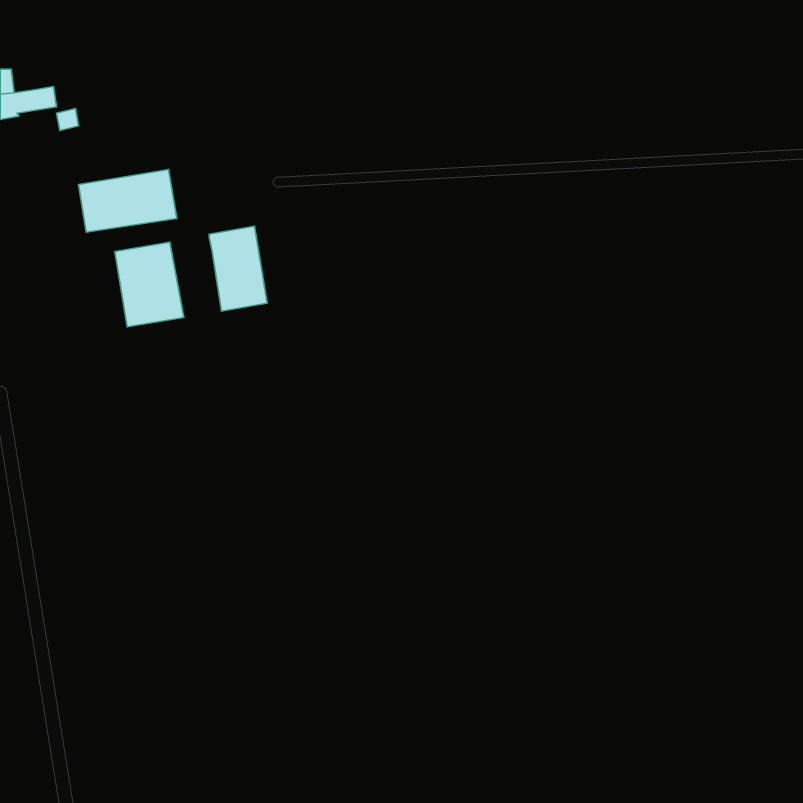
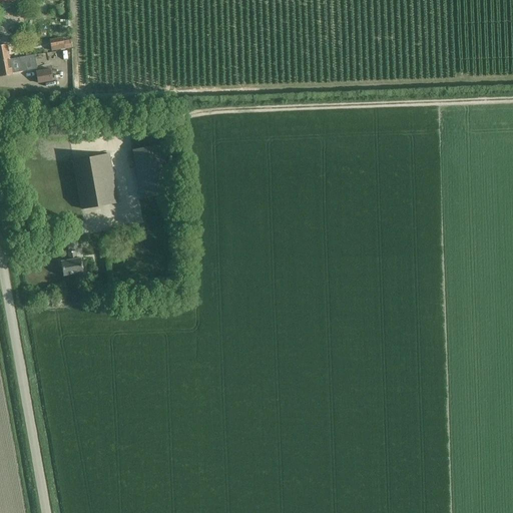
building: [78,170,177,232] -> none
building: none -> [60,249,82,275]

